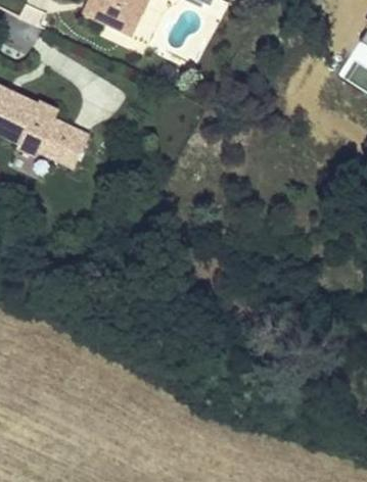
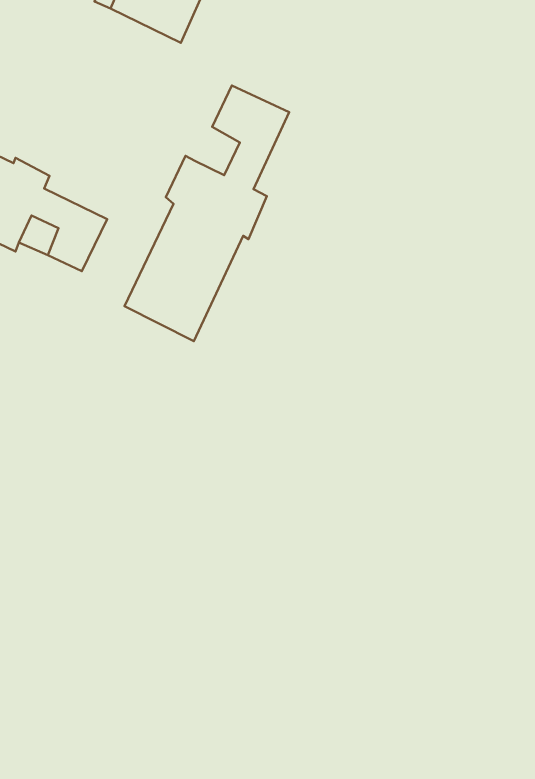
building: none -> [125,85,289,341]

